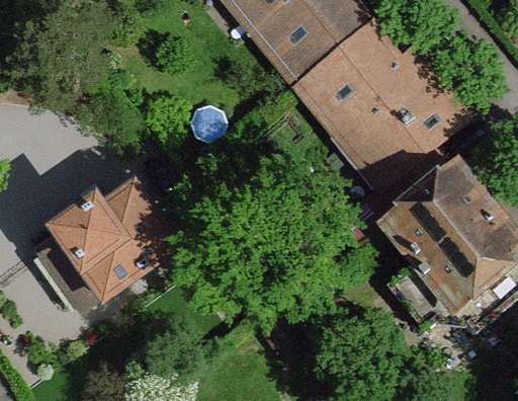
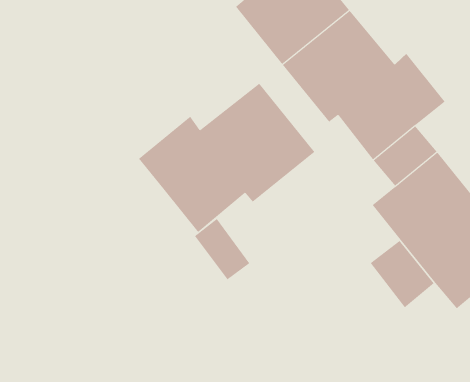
building: none -> [138,83,315,233]
building: [36,184,168,300] -> none

